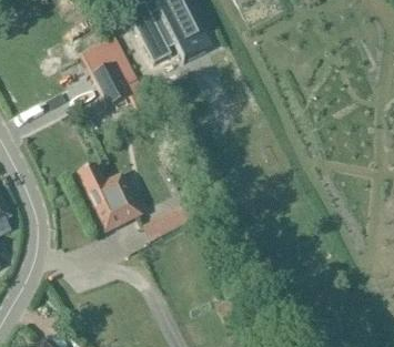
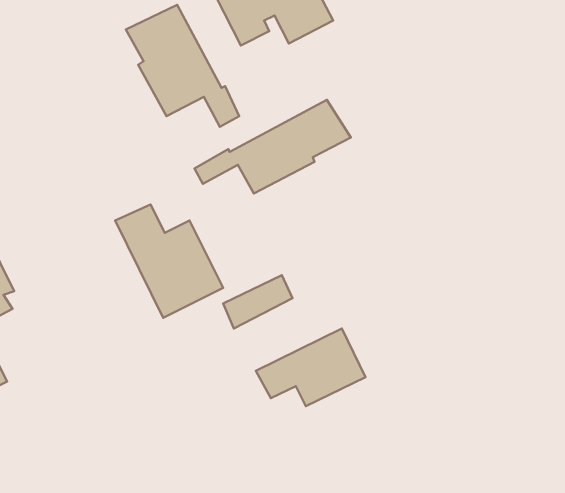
building: none -> [195,100,351,194]
building: none -> [256,328,366,406]

